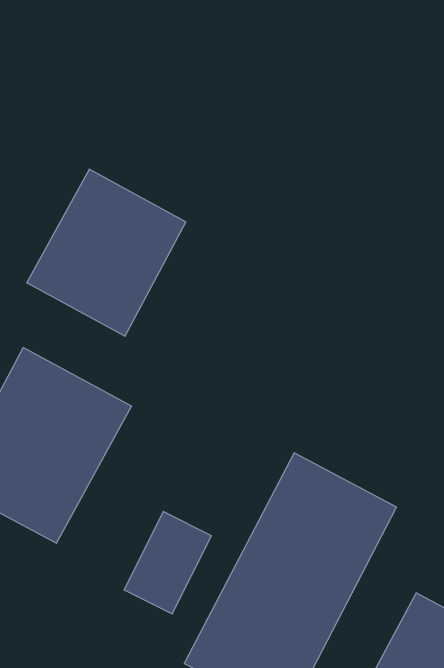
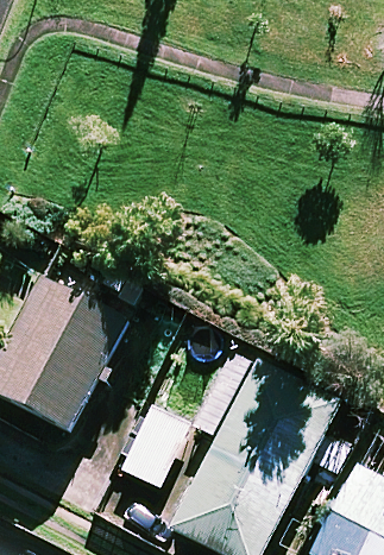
building: [27,169,186,336] -> none

